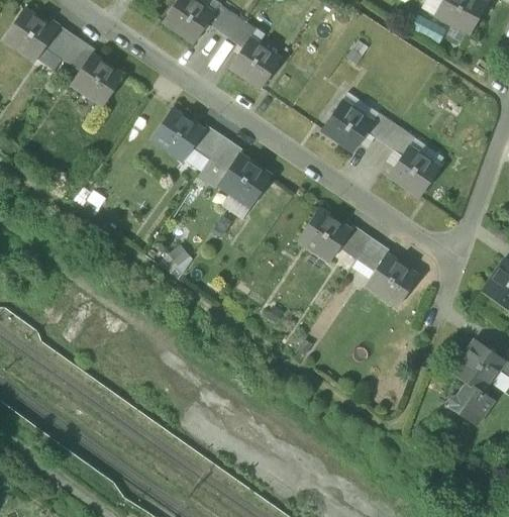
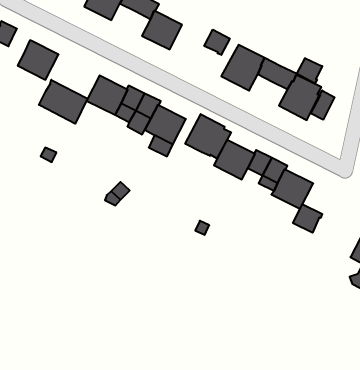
building: [63,38,95,71] -> none
building: none -> [204,30,230,55]
building: none -> [39,80,88,124]
building: none -> [297,58,322,83]
building: none -> [311,90,335,120]
building: none -> [185,114,231,159]
building: none -> [293,204,322,233]

